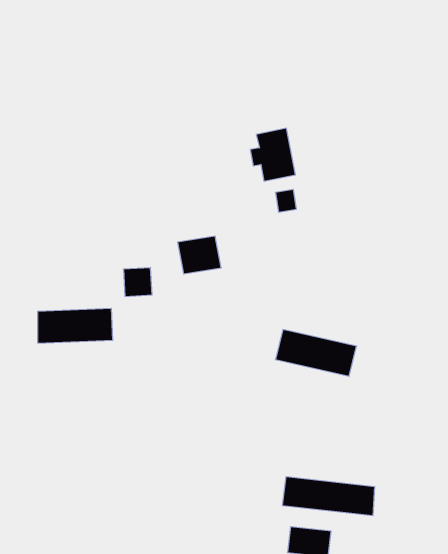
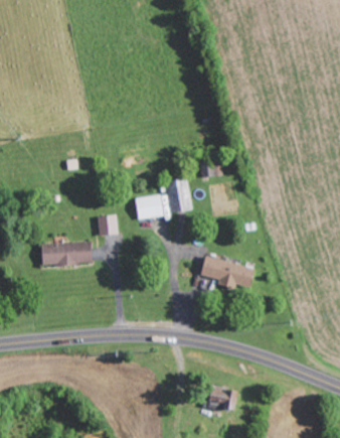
building: [250,128,295,181] -> [162,178,192,213]
building: [283,477,375,516] -> none

